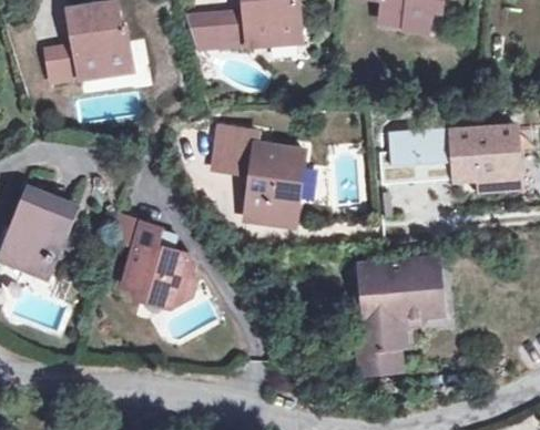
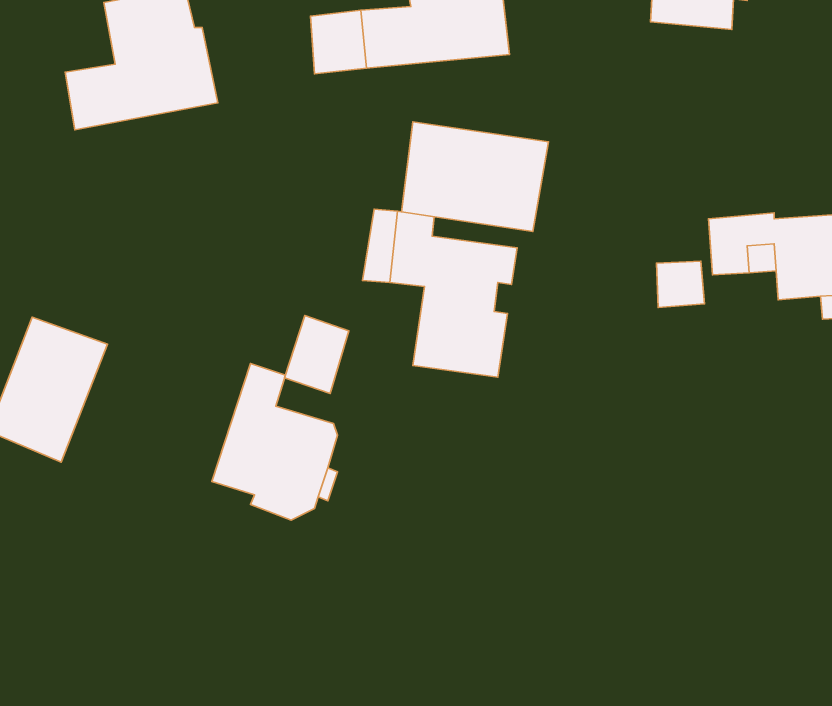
building: none -> [402,122,549,231]
building: none -> [285,316,349,394]
building: [357,258,440,372] -> none

